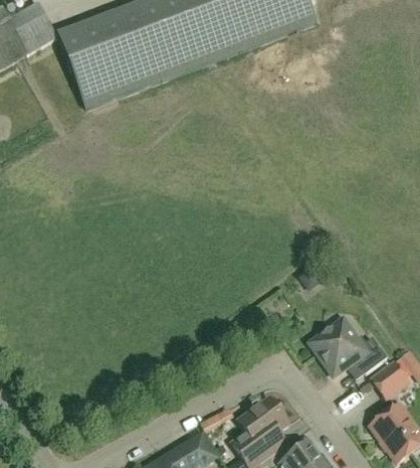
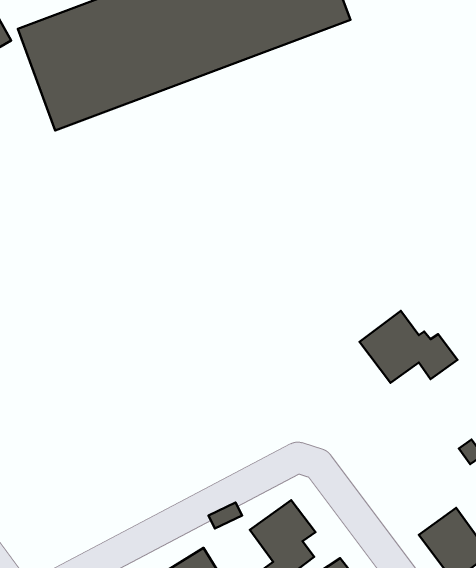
building: [310,319,387,375] -> [360,311,458,383]
building: [372,362,409,399] -> none

